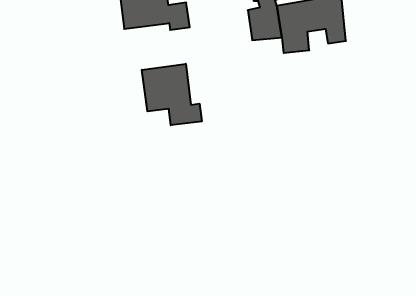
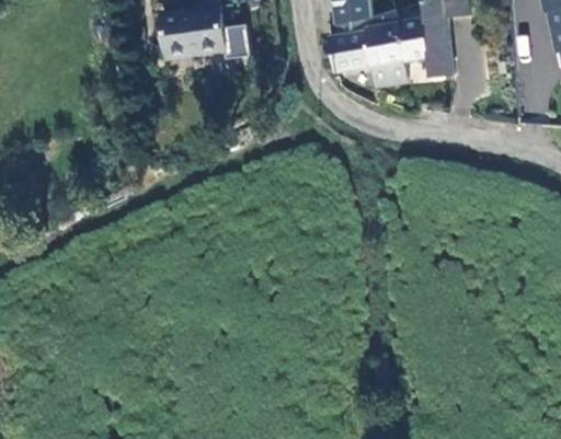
building: [142,64,202,125] -> none

